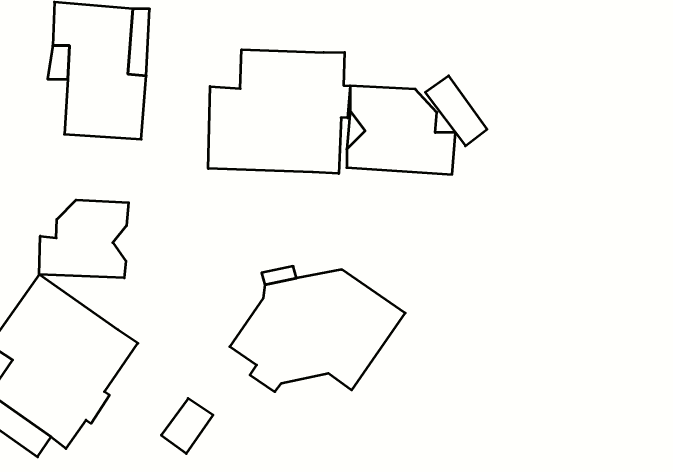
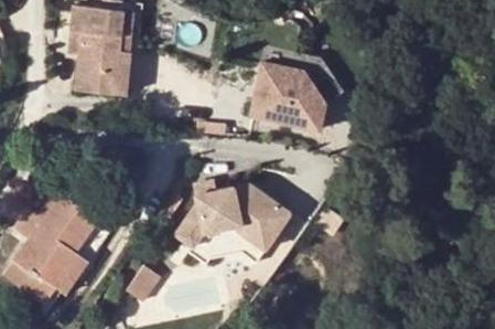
building: [208,50,350,174] -> none
building: [39,200,129,278] -> none

